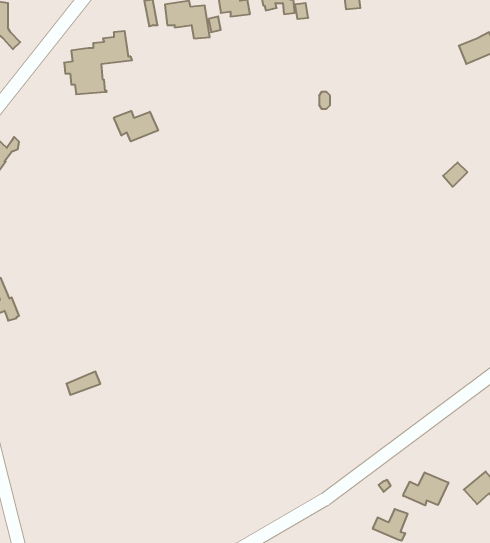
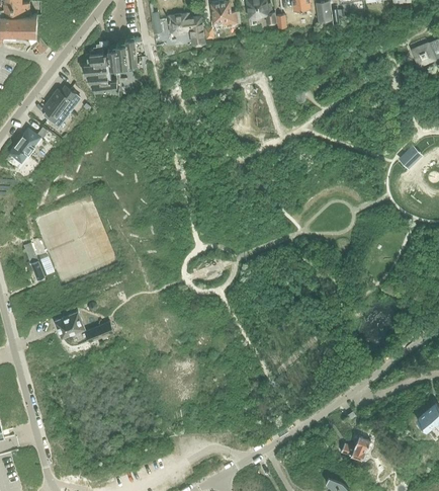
building: none -> [42,87,79,127]
building: [114,111,158,141] -> none
building: none -> [54,313,84,339]
building: [403,472,448,505] -> none

